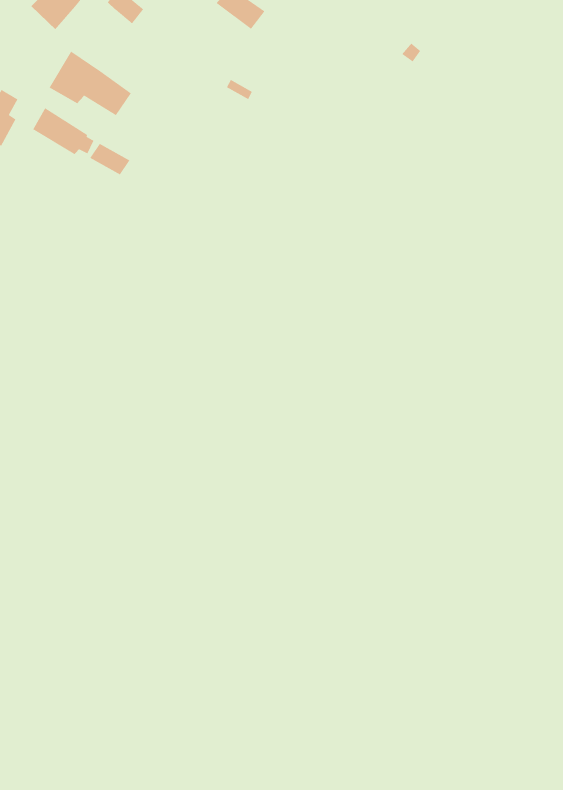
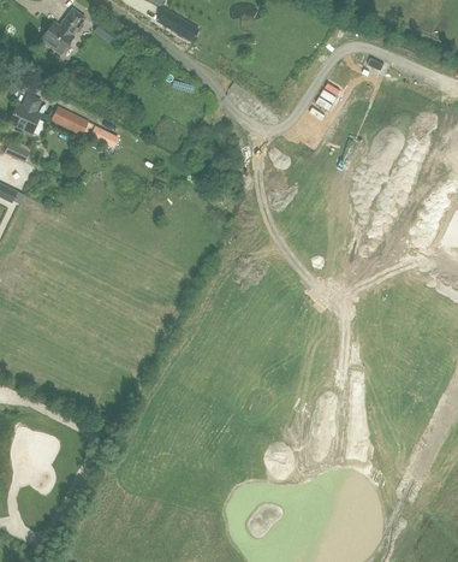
building: [49,50,132,116] -> none

